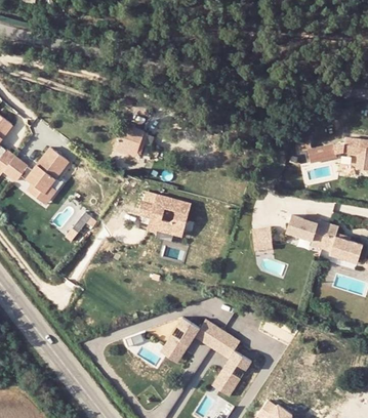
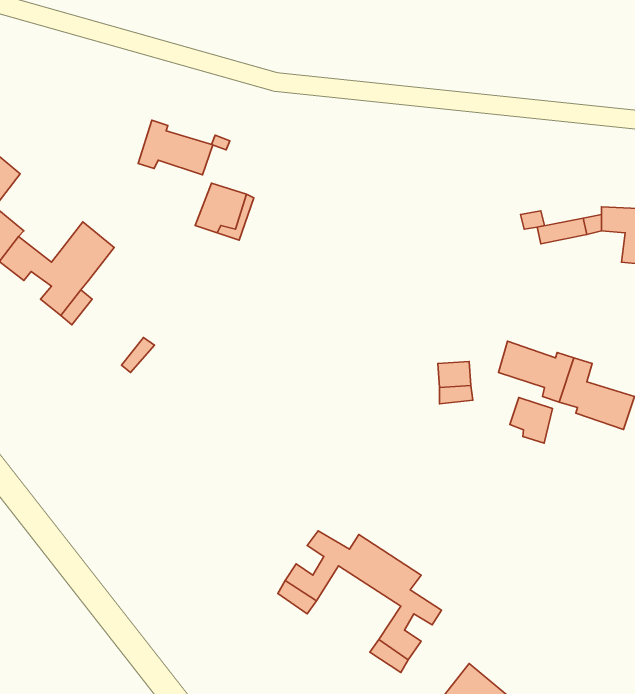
building: none -> [138,120,213,175]
building: [138,194,192,235] -> none
building: none -> [510,397,553,443]

